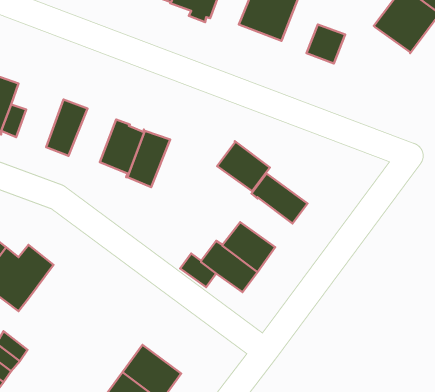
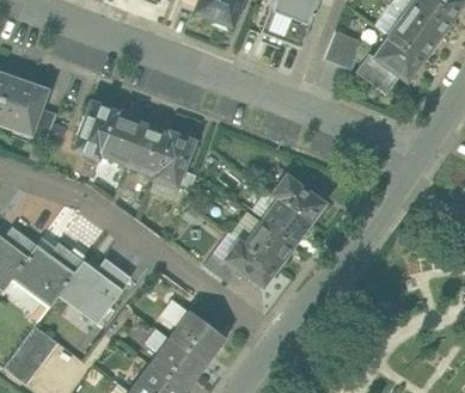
building: none -> [356,35,423,94]
building: none -> [97,112,142,164]
building: [217,141,270,191] -> [261,197,311,245]
building: none -> [59,258,130,323]
building: none -> [167,311,225,366]

